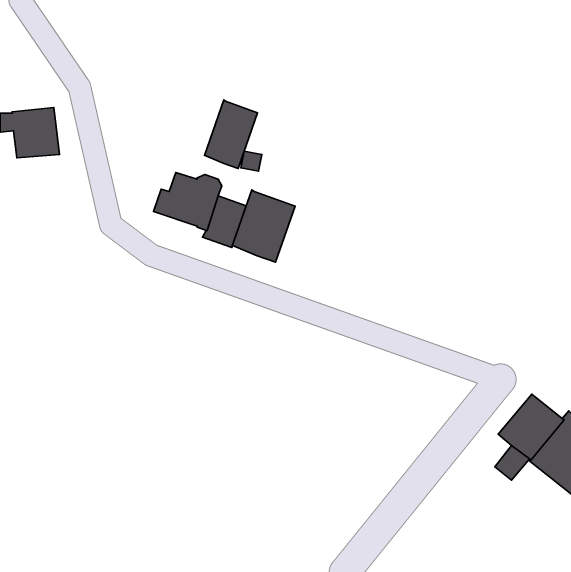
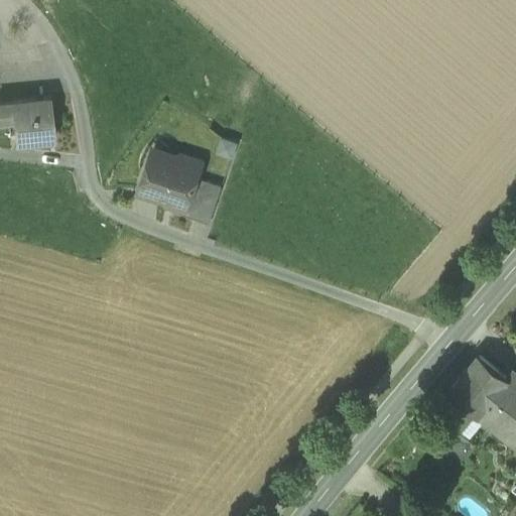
building: [204,100,257,168] -> none
building: [232,190,295,262] -> none

